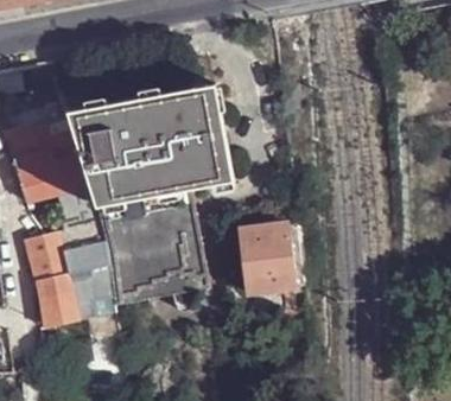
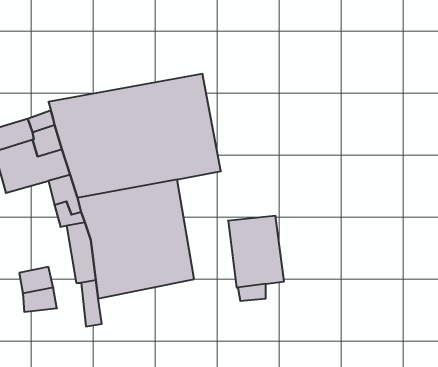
building: [26,231,64,278] -> none

